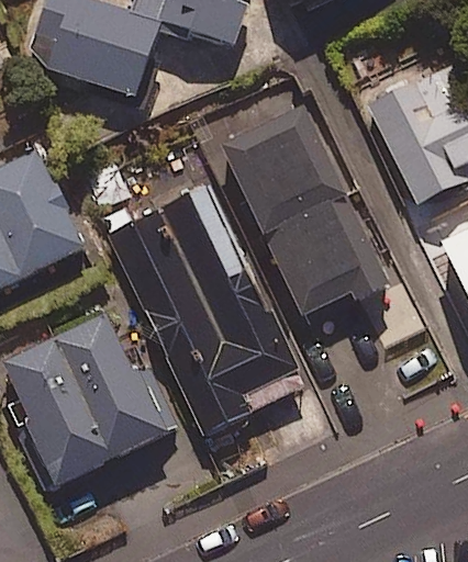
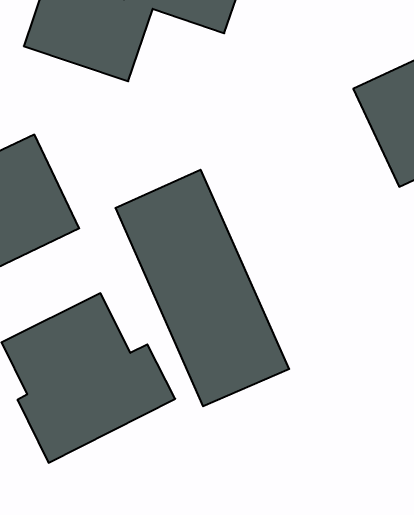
building: [223,106,382,314] -> none

